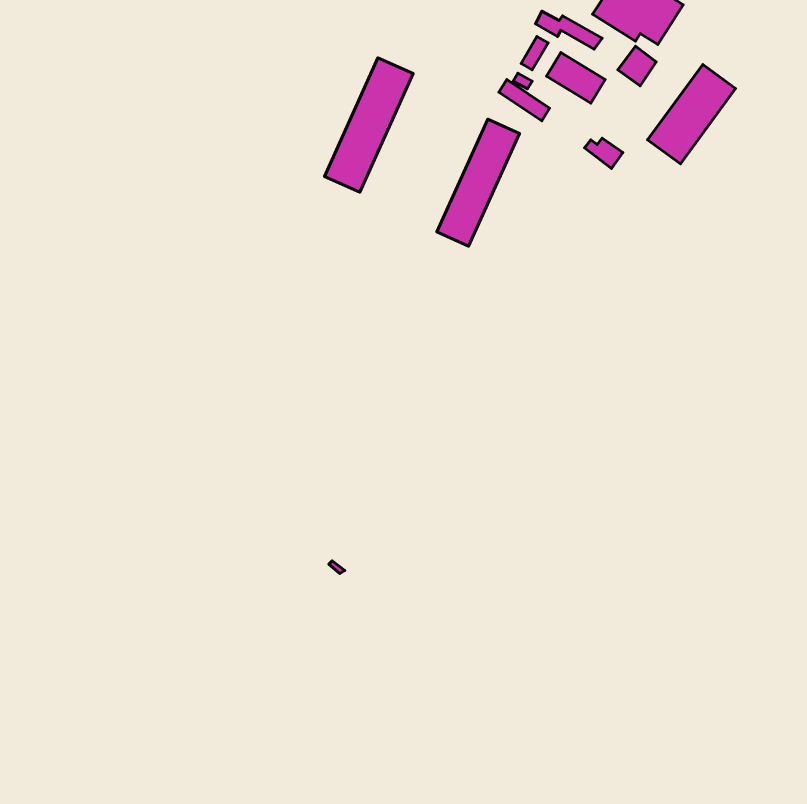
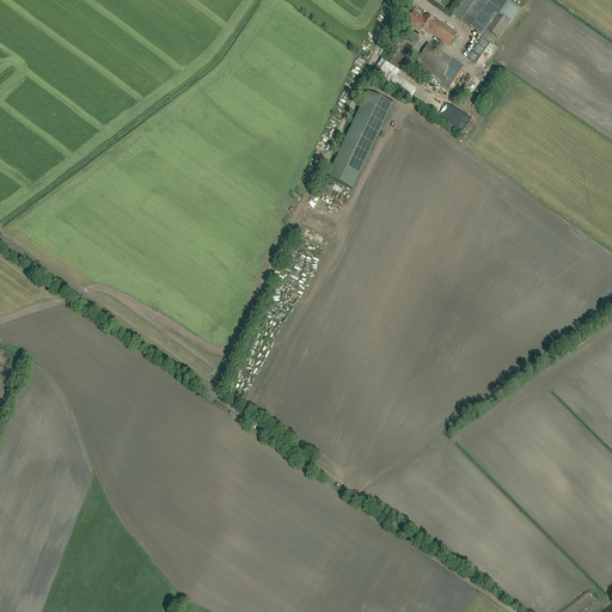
building: [325,58,413,192] -> none
building: [648,65,736,164] -> none

